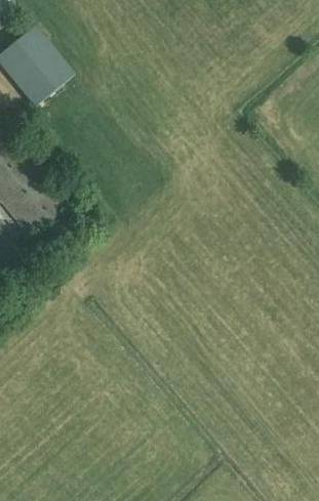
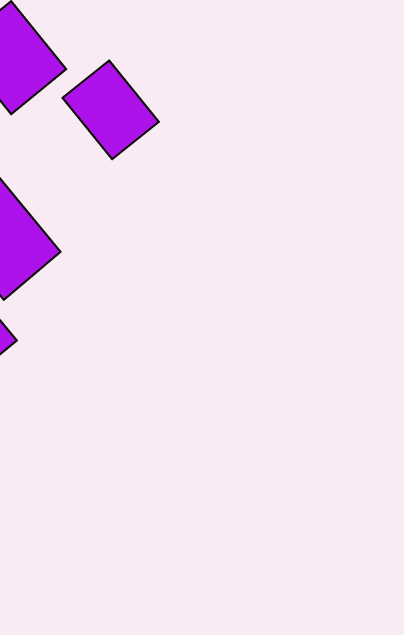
building: none -> [63,61,159,159]

